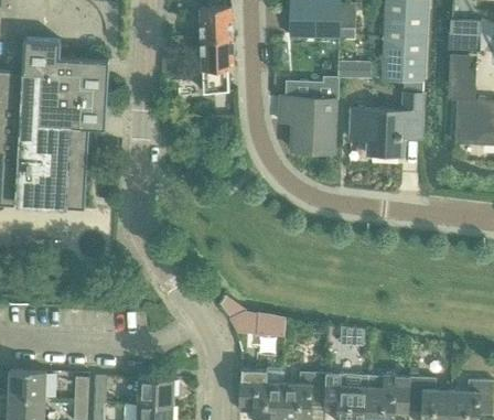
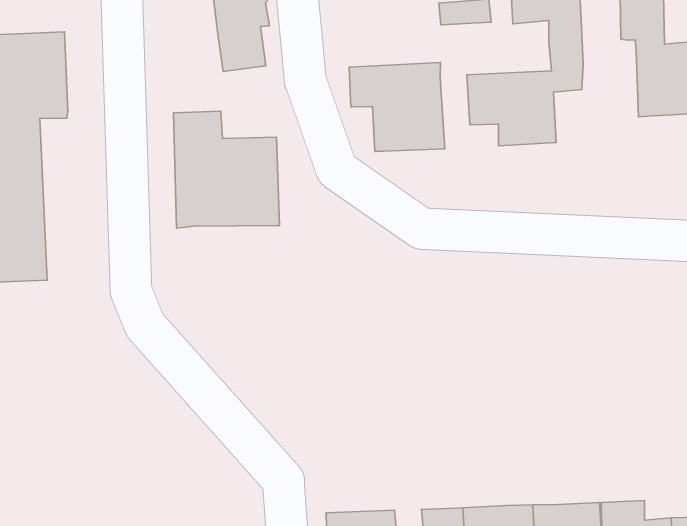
building: [284,76,337,98] -> none
building: none -> [174,111,280,228]
building: [228,312,284,337] -> none

